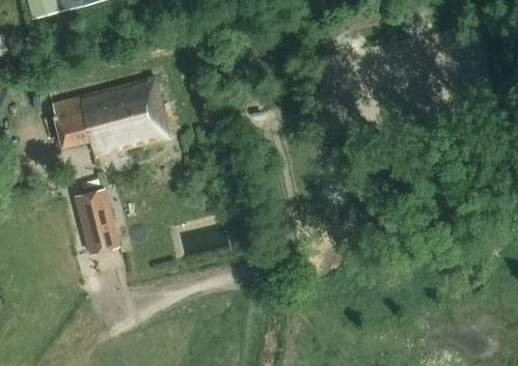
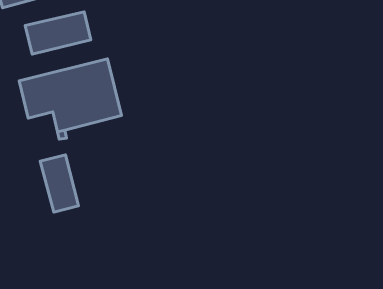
building: none -> [25,12,91,54]

